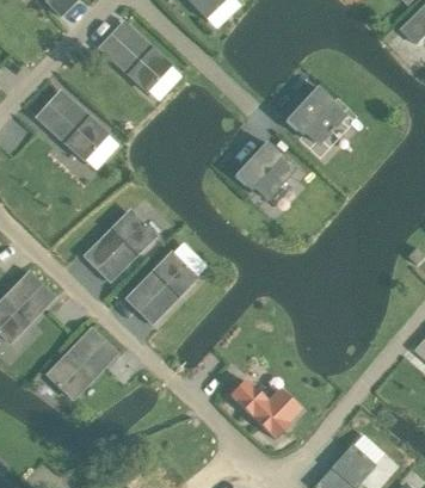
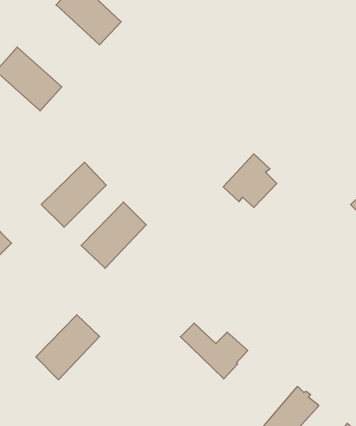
building: [285,86,341,142] -> none
building: [234,141,290,197] -> [223,154,277,207]
building: [49,329,116,397] -> [36,315,100,380]

